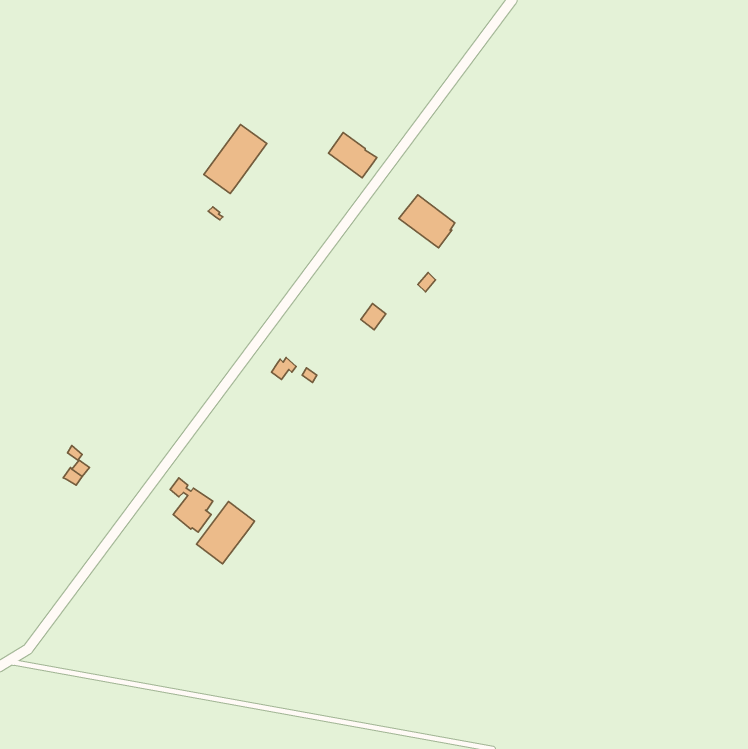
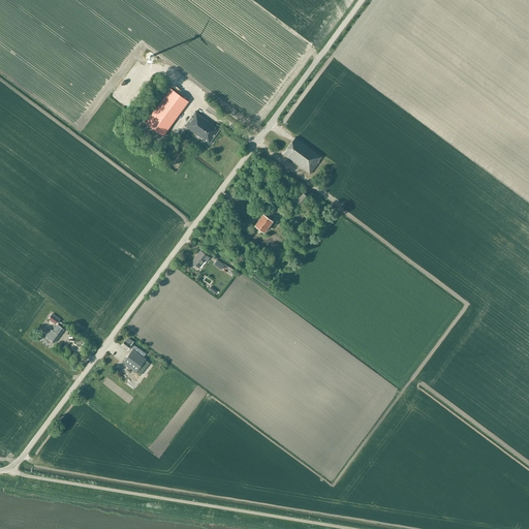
building: [328,132,377,178] -> [184,112,218,144]
building: [197,502,254,564] -> none

